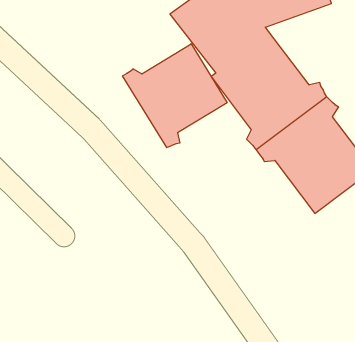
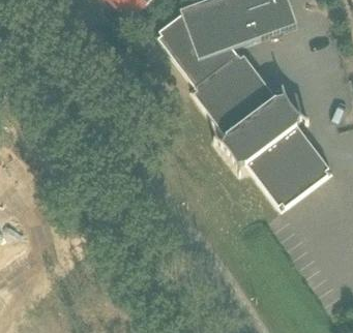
building: [123,44,227,148] -> none

